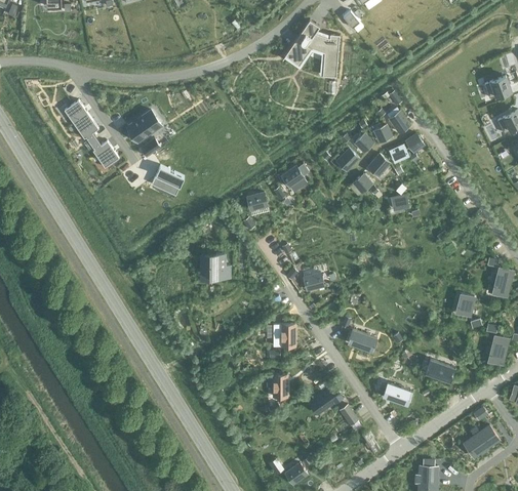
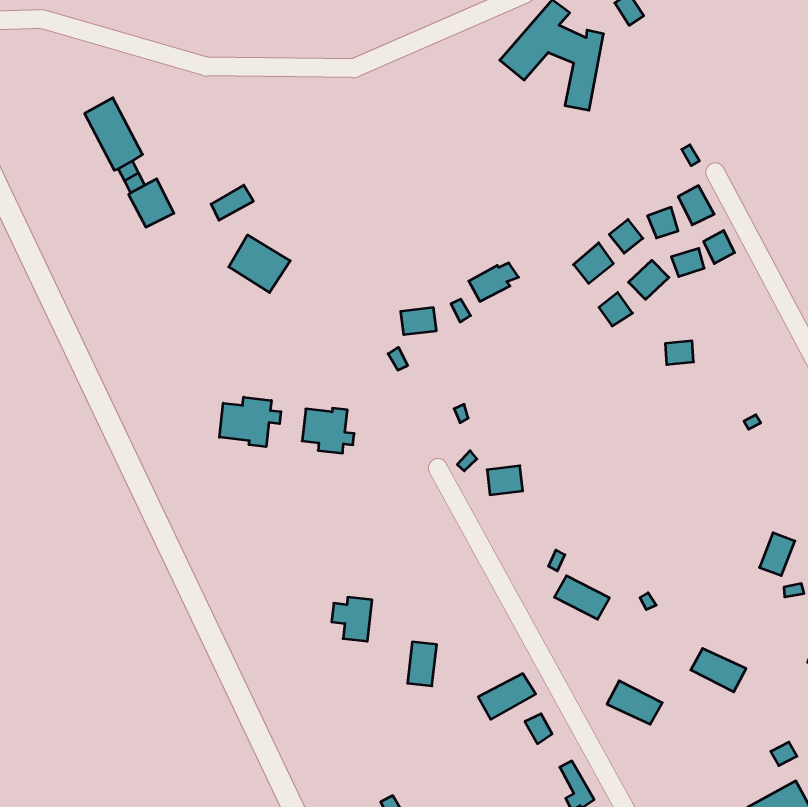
building: [127,110,160,140] -> none
building: none -> [219,397,281,447]
building: [274,324,294,346] -> [332,597,372,641]

